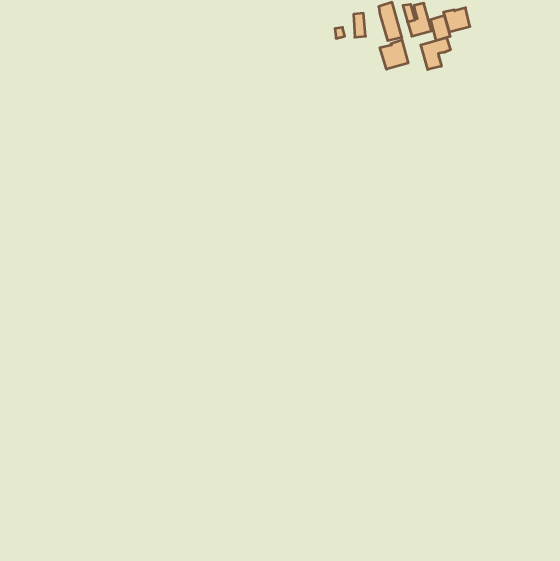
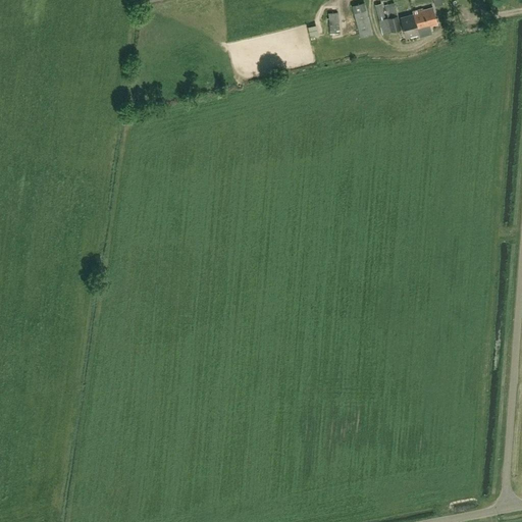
building: [421,38,450,70] -> none
building: [380,40,408,69] -> none

